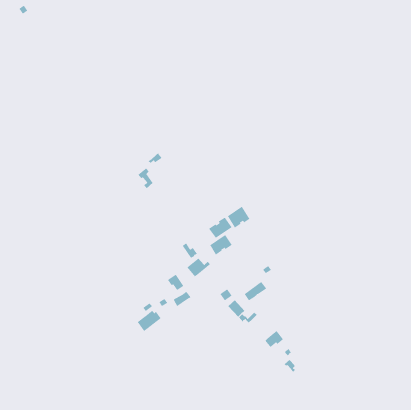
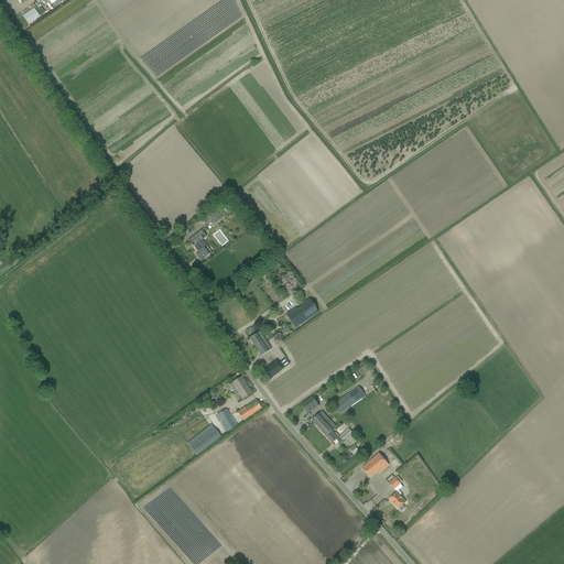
building: [227,206,250,228] -> none
building: [209,234,232,256] -> none

